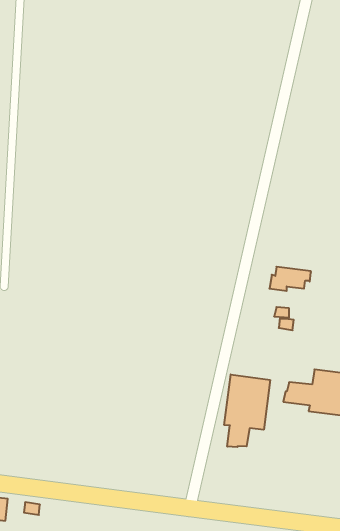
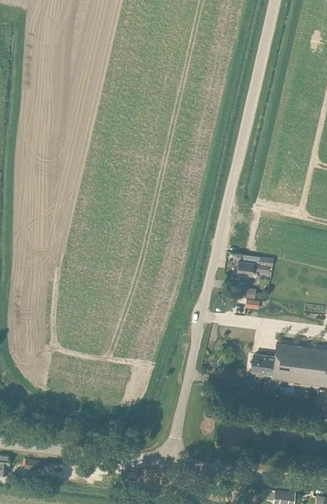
building: [224,374,270,447] -> none

